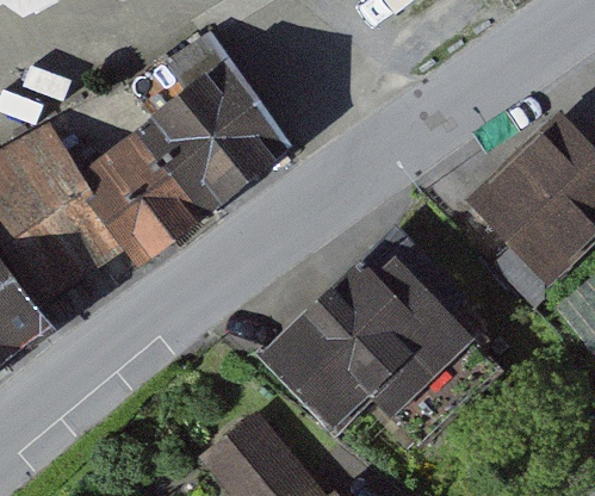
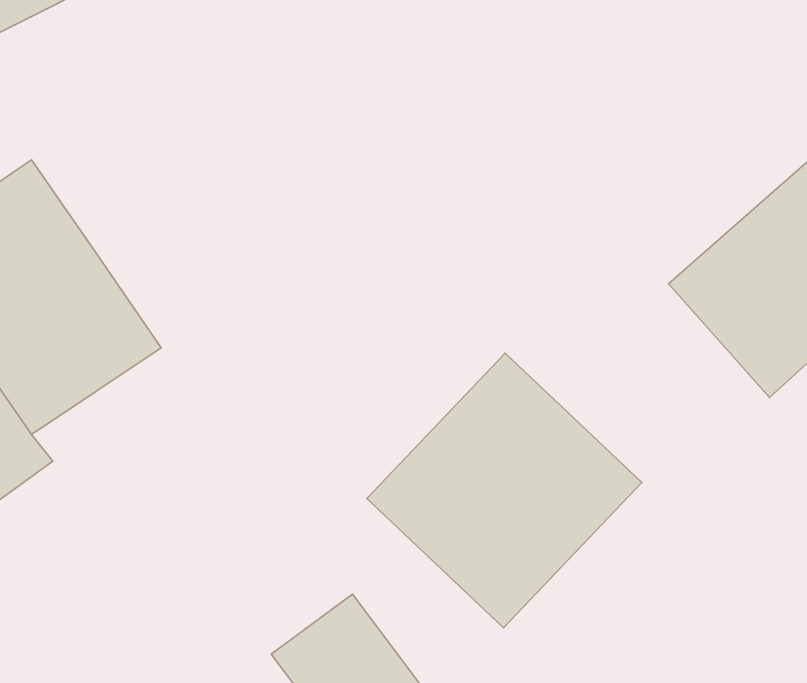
building: [81,63,286,256] -> none

